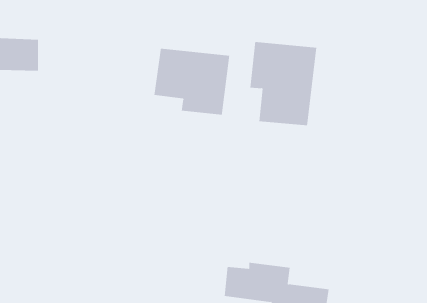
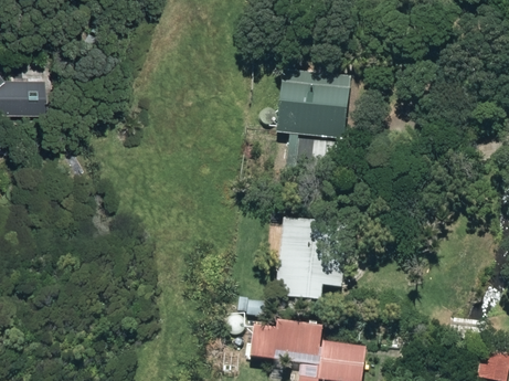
building: [154,48,230,116] -> none
building: none -> [277,216,347,287]

